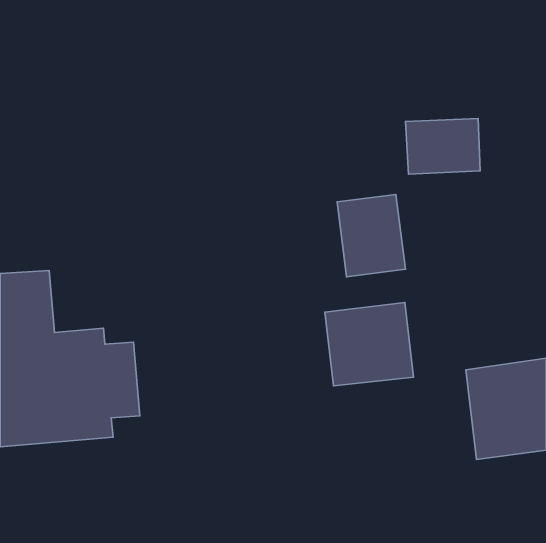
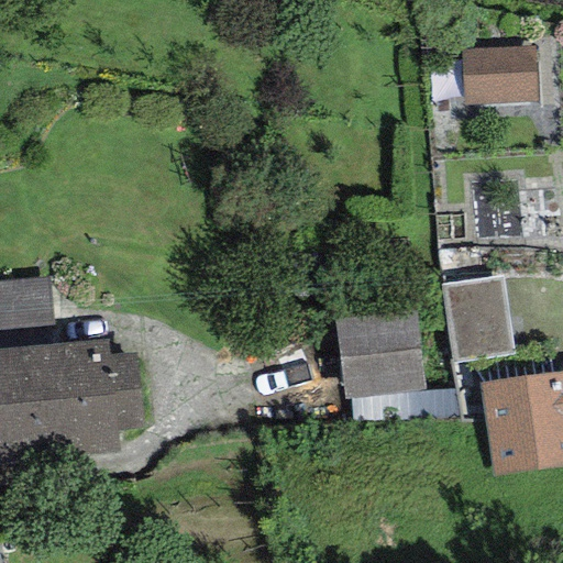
building: [405,118,480,174] -> [461,46,538,103]
building: [337,194,405,277] -> [441,277,511,362]

